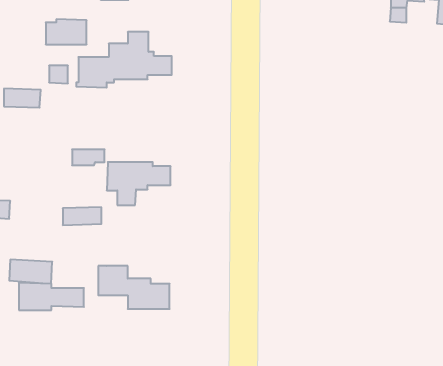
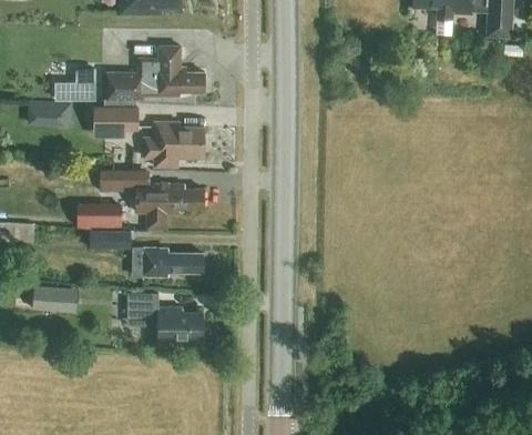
building: [46,19,87,44] -> [92,104,135,131]
building: none -> [143,122,203,168]
building: none -> [76,204,121,227]
building: [19,283,84,310] -> [133,247,202,276]

